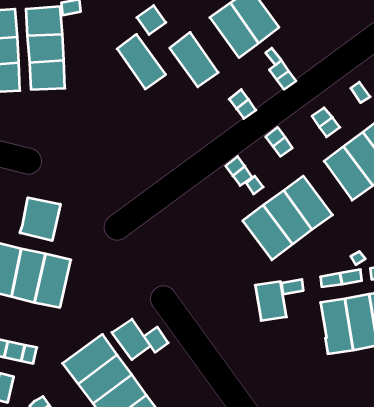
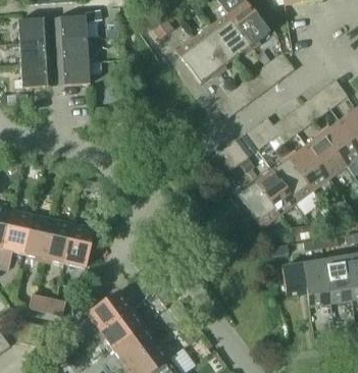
building: [117,34,166,89] -> [194,25,235,71]
building: none -> [289,146,329,191]
building: [20,198,60,241] -> none
building: [255,282,287,321] -> [282,264,308,297]
building: [112,319,151,360] -> none

